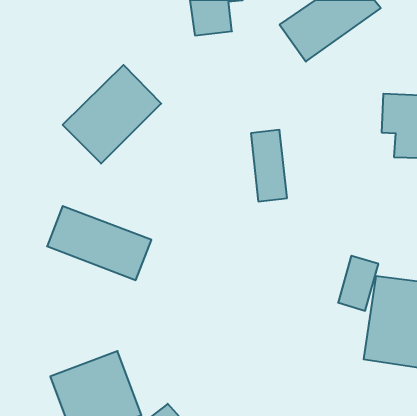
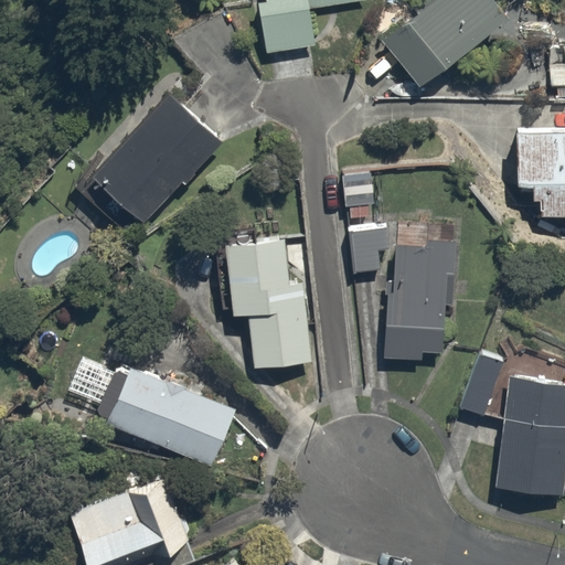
building: none -> [386,223,457,363]
building: none -> [222,232,315,372]
building: [47,206,151,280] -> [93,363,233,462]

